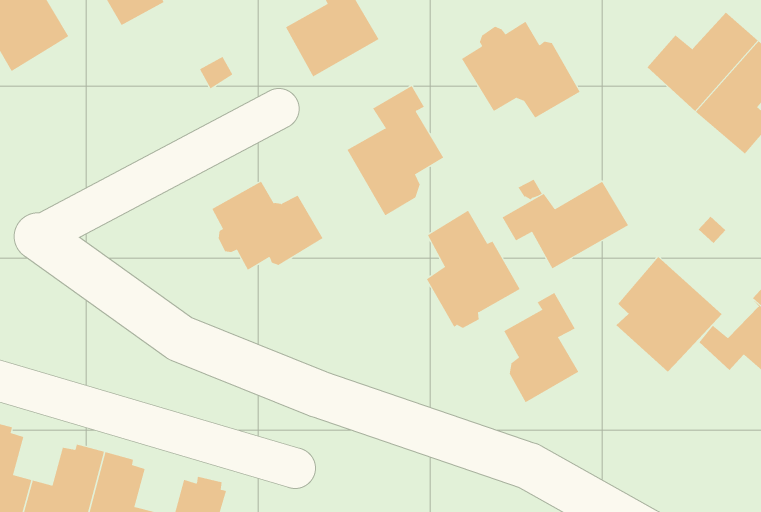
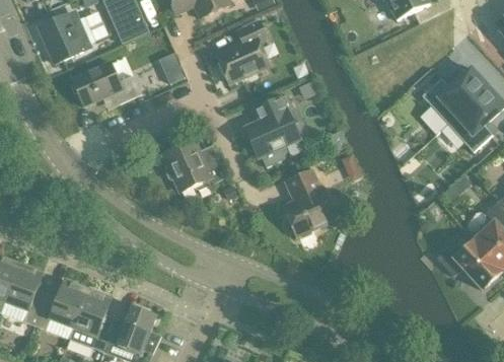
building: [461,21,580,119] -> none
building: none -> [72,59,142,104]
building: [502,181,629,269] -> none
building: [616,256,723,372] -> none
building: [503,292,579,403] -> none

